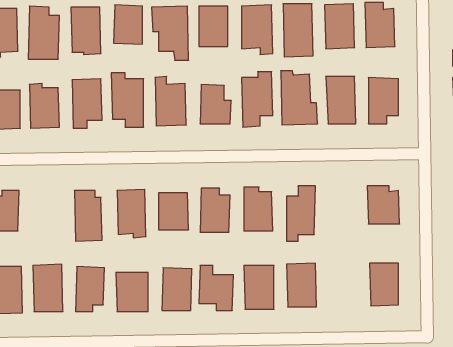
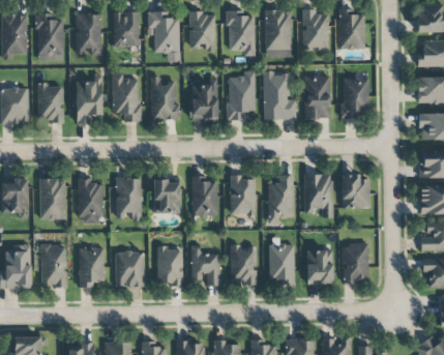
building: none -> [304,174,332,217]
building: none -> [39,179,65,218]
building: none -> [306,248,333,284]

